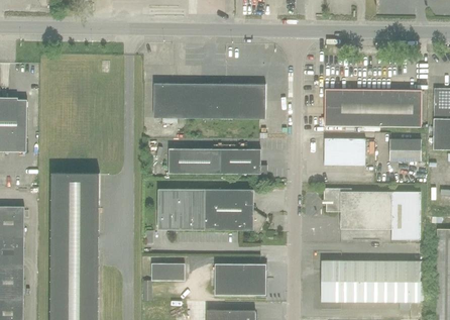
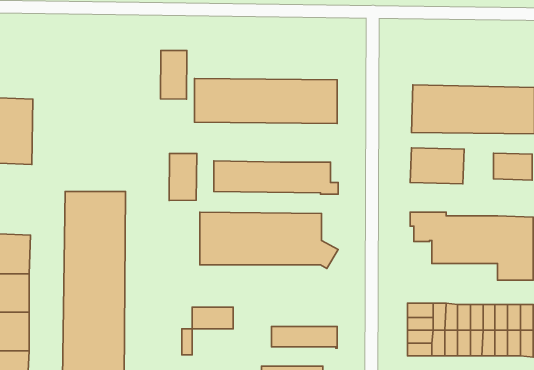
building: none -> [160,50,187,99]
building: none -> [169,153,197,200]
building: [214,262,265,278] -> none

